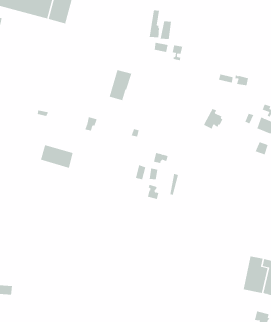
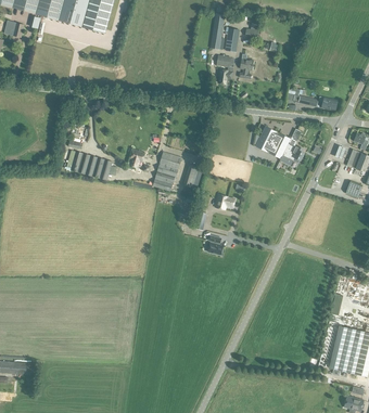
building: [109,69,132,101] -> [152,151,181,191]
building: none -> [259,125,290,158]
building: [40,144,74,168] -> [69,150,112,180]

